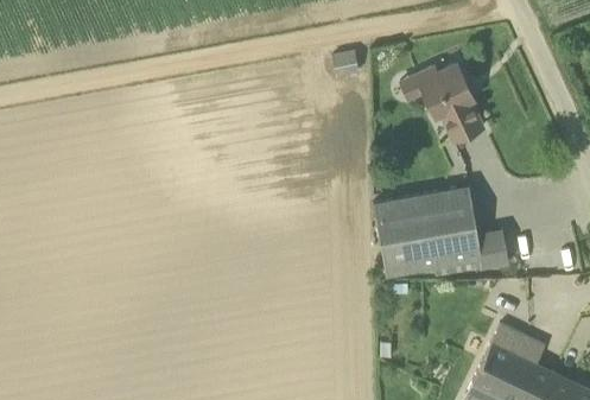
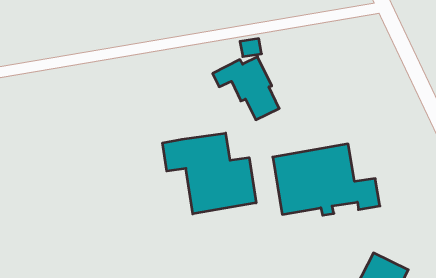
building: [400,64,484,144] -> [213,57,279,120]
building: none -> [163,133,256,214]

